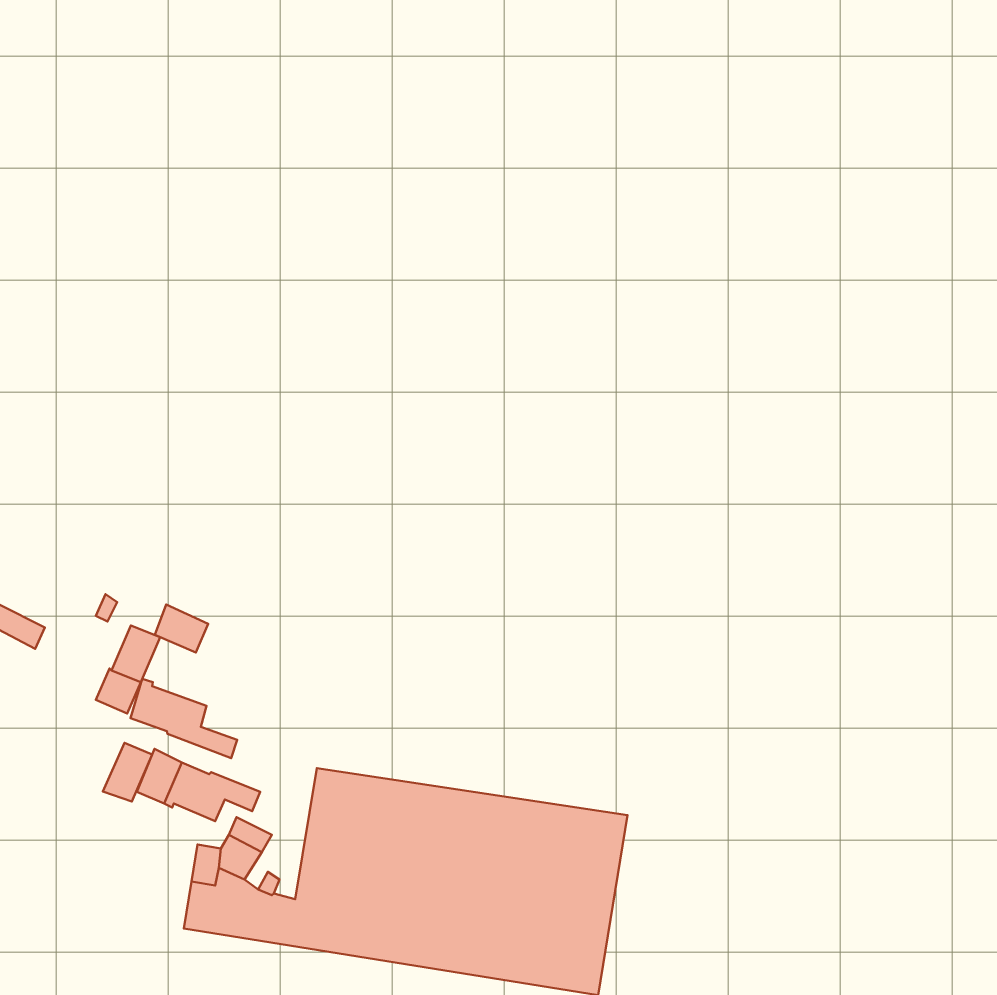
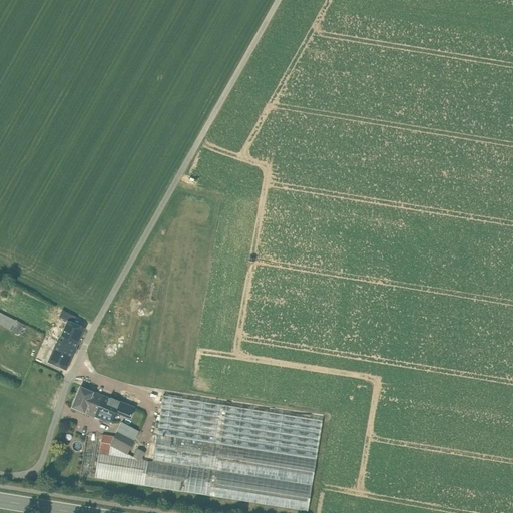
building: [155,605,208,653] -> none
building: [131,679,237,758] -> none
building: [103,743,152,802] -> none

